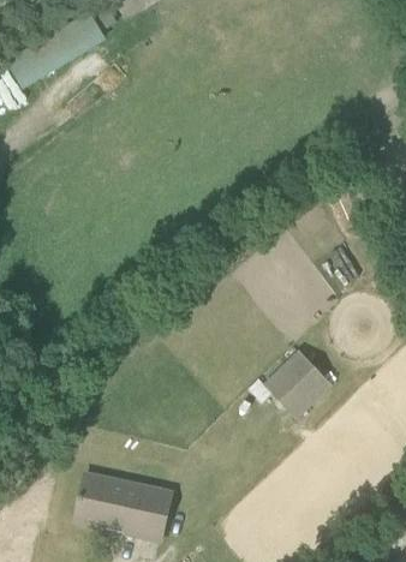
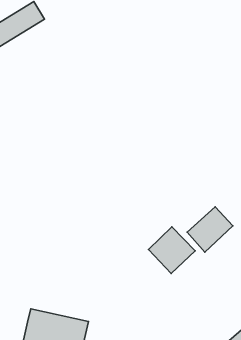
building: none -> [187,207,233,252]

